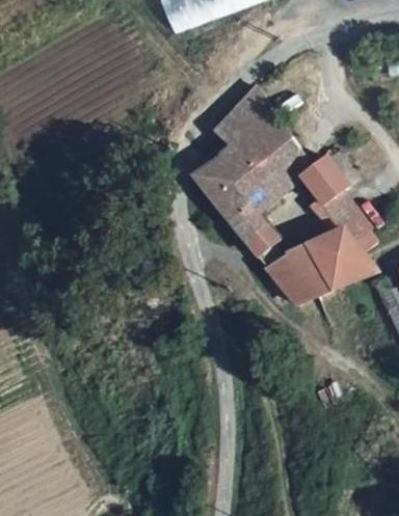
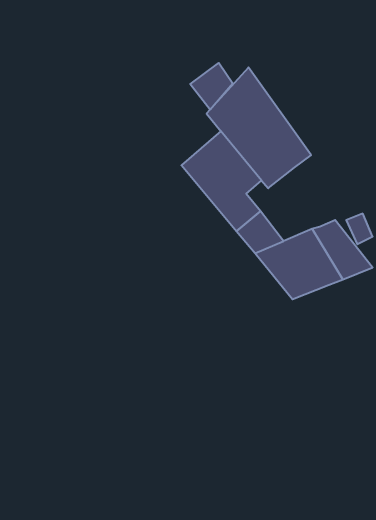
building: none -> [190,63,233,110]
building: [298,159,347,236] -> none

